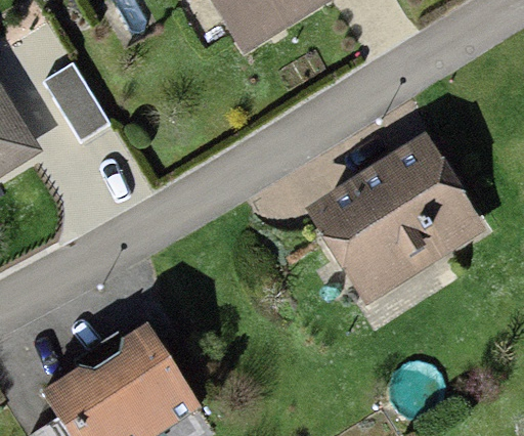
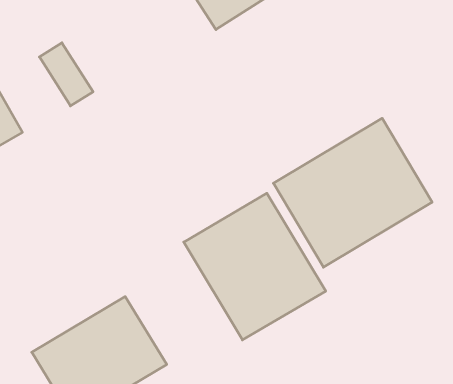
building: none -> [184,193,326,340]

